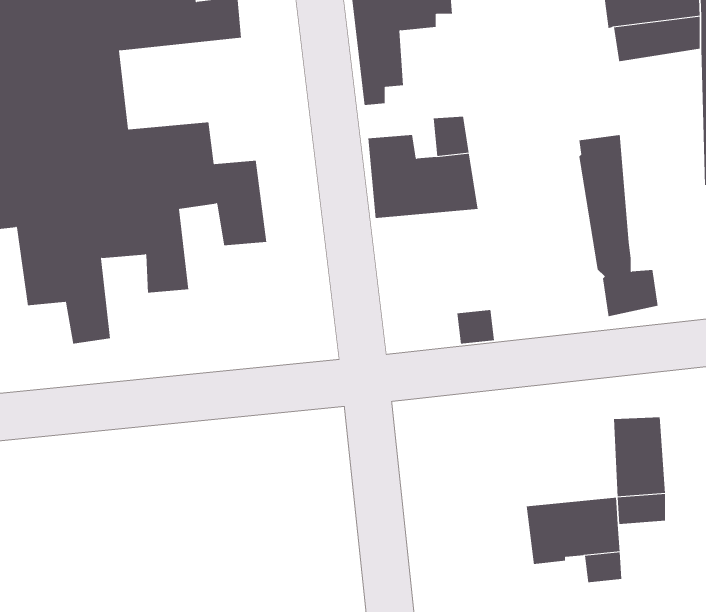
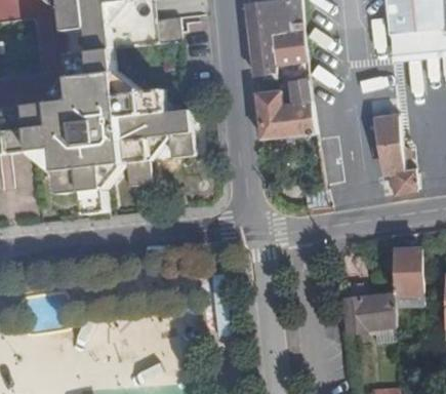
building: none -> [272,23,305,63]

